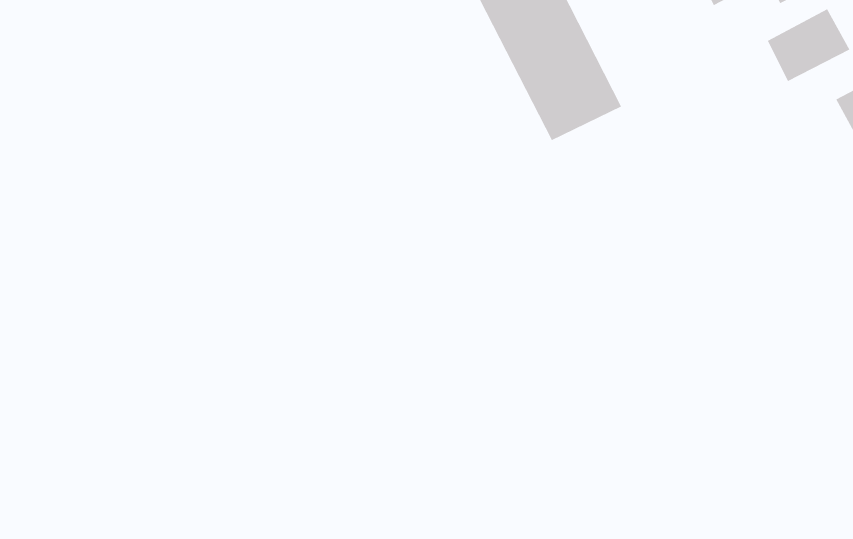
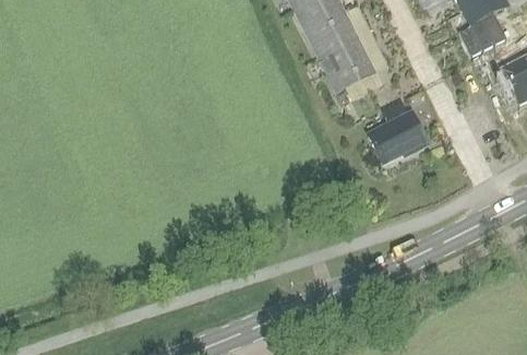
building: none -> [368,103,429,164]

